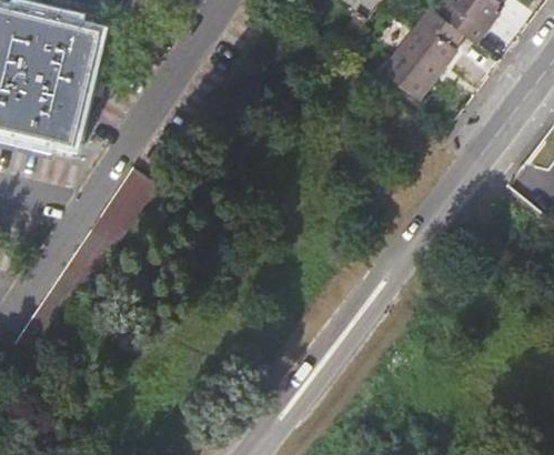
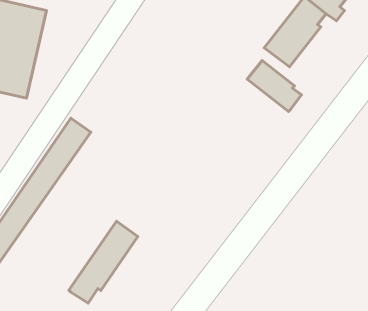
building: none -> [247,61,301,112]
building: none -> [69,221,138,303]

